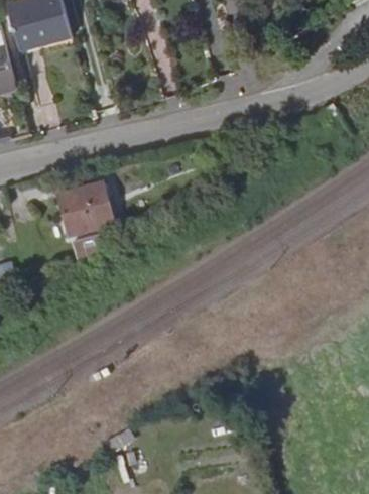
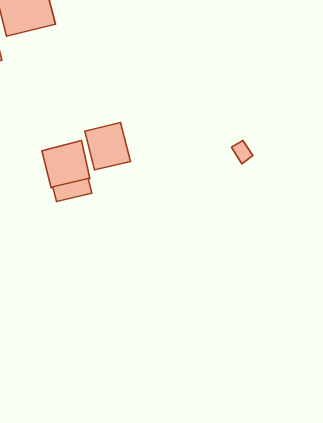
building: none -> [85,123,130,170]

